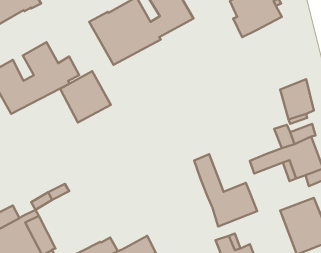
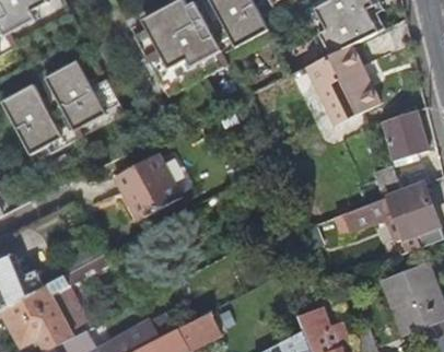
building: none -> [304,45,379,127]
building: [60,71,111,122] -> [115,155,180,222]
building: [194,154,257,227] -> none

